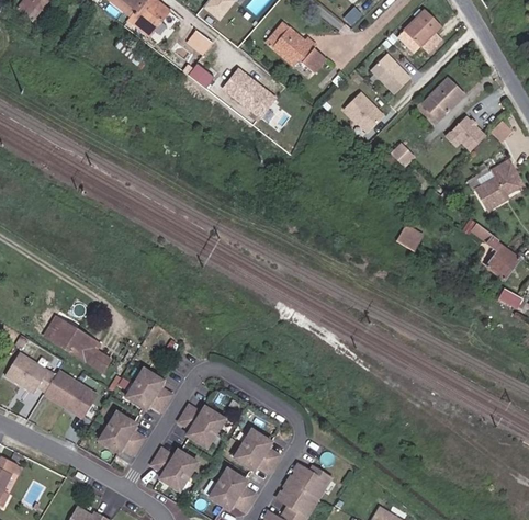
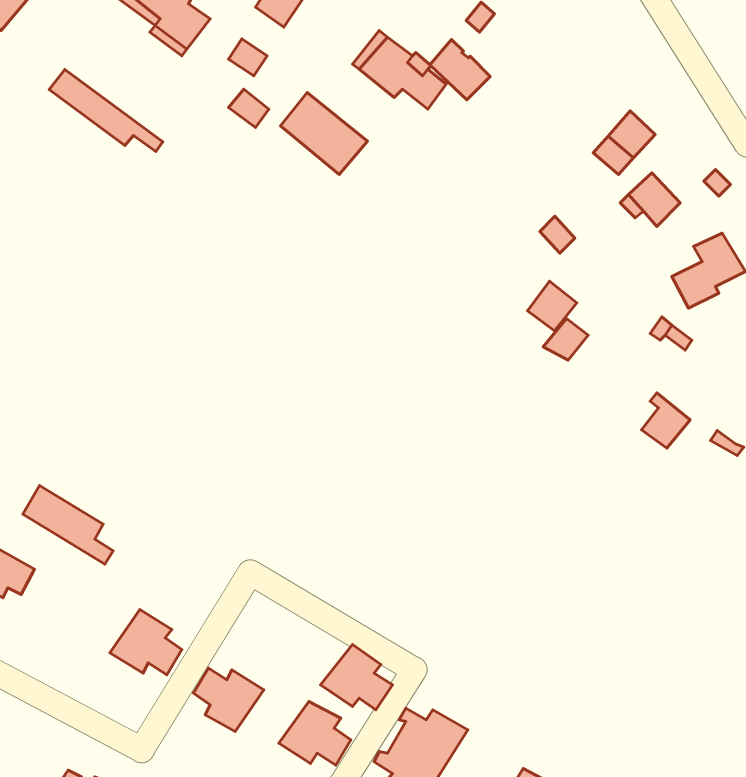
building: [395,11,432,47] -> none
building: none -> [49,69,163,152]
building: [368,57,407,97] -> [430,40,490,100]
building: [342,98,381,136] -> none
building: none -> [527,281,577,331]
building: [484,236,516,272] -> [642,393,690,448]
building: [130,364,177,407] -> none
building: [45,372,95,416] -> none
building: [184,402,232,444] -> none

